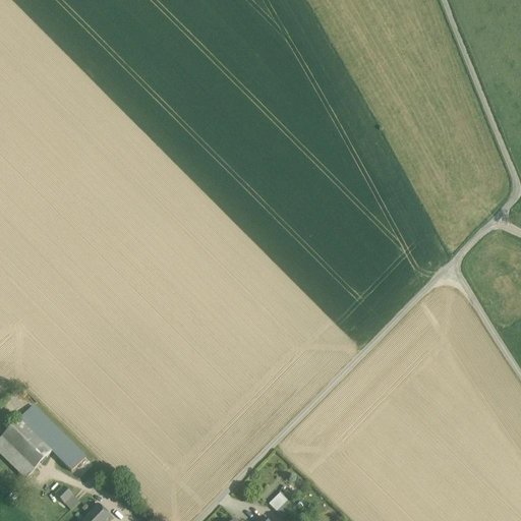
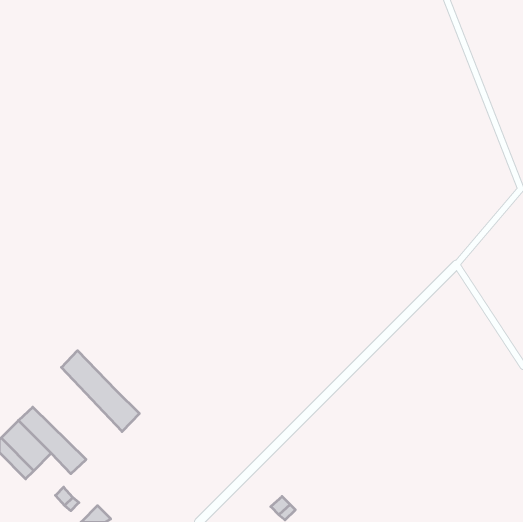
building: none -> [61,351,139,432]

